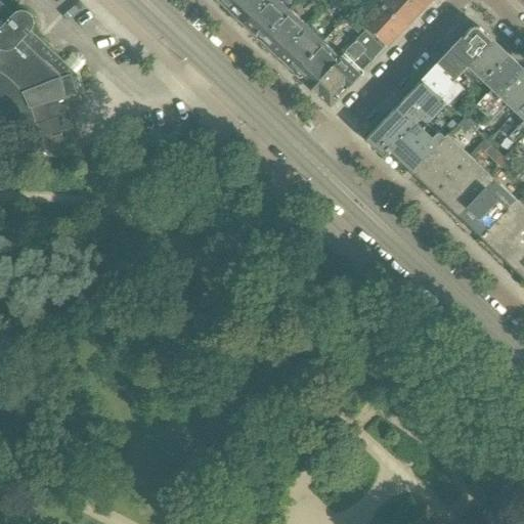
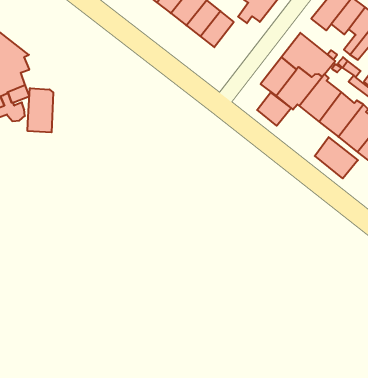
building: [312,53,360,103] -> none
building: [423,60,464,101] -> none
building: none -> [28,88,53,132]
building: none -> [257,92,291,126]
building: none -> [315,137,358,178]

